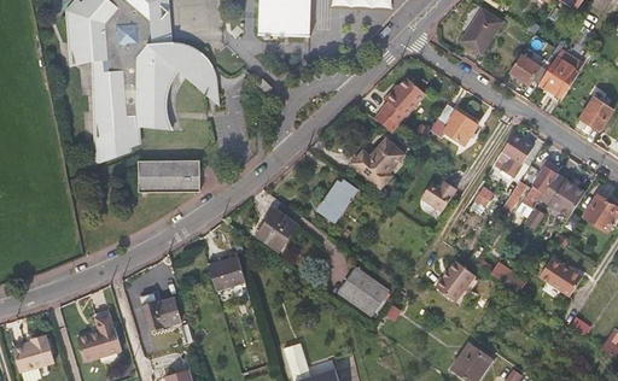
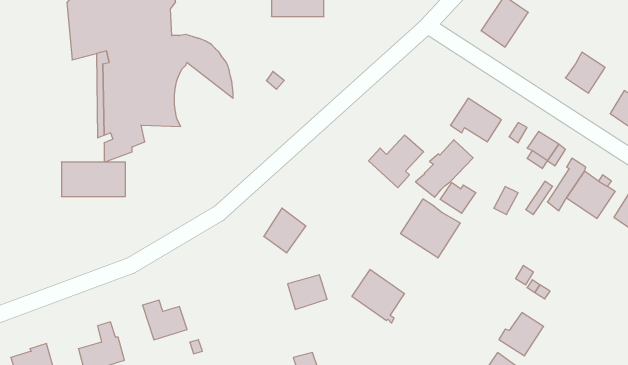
building: [508,54,548,86] -> none
building: [373,78,427,133] -> [416,140,473,197]
building: [140,152,200,184] -> [61,162,125,197]
building: [319,182,355,223] -> none
building: none -> [401,199,460,258]
building: [540,257,583,298] -> none
building: [209,258,246,291] -> [288,275,327,309]
building: [435,264,477,305] -> [499,313,544,356]

